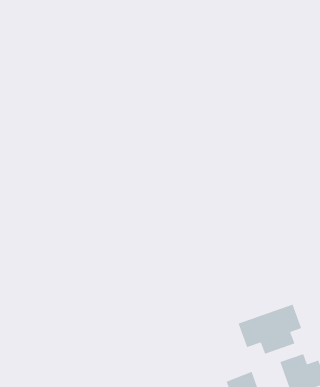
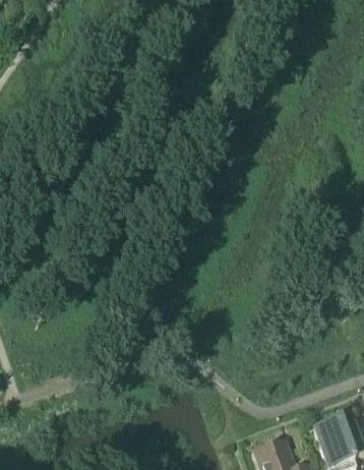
building: [238,304,302,354] -> none

